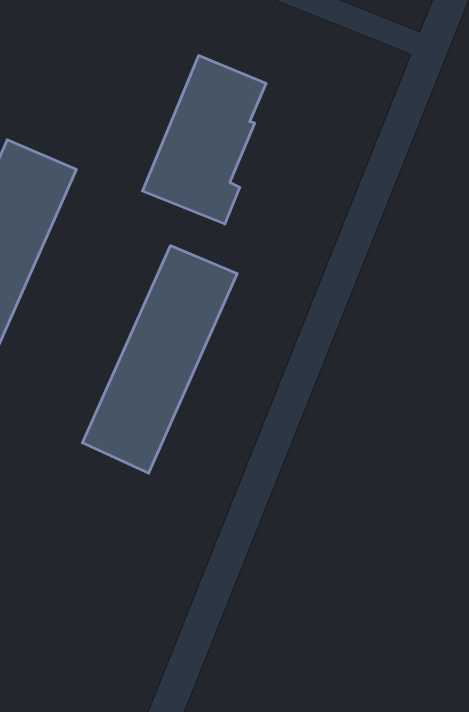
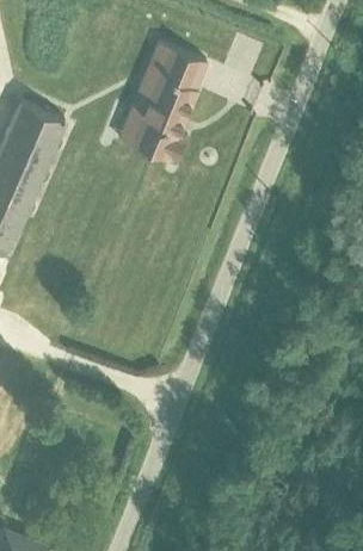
building: [82,246,237,473] -> none

